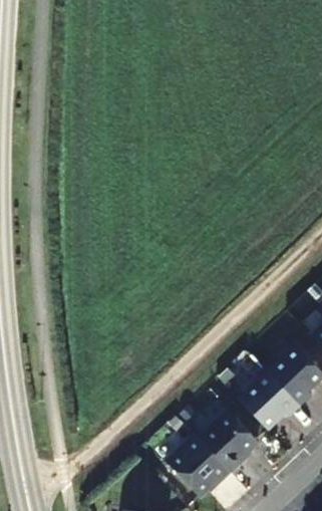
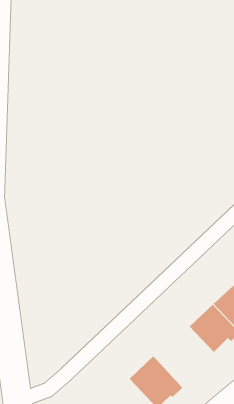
building: [199,409,259,472] -> none

